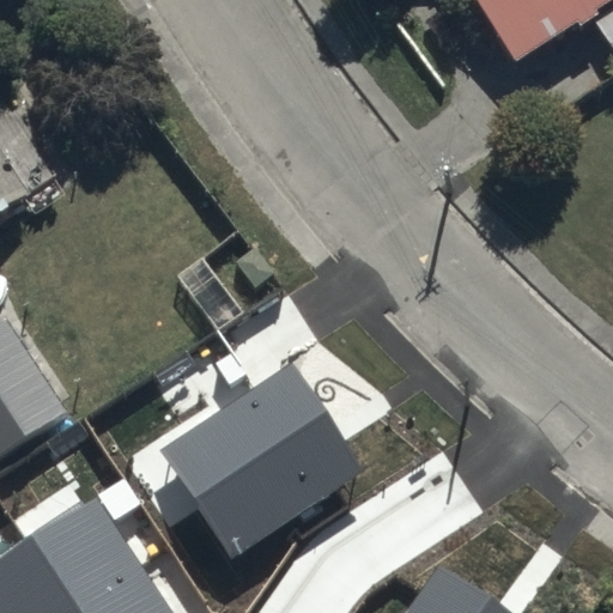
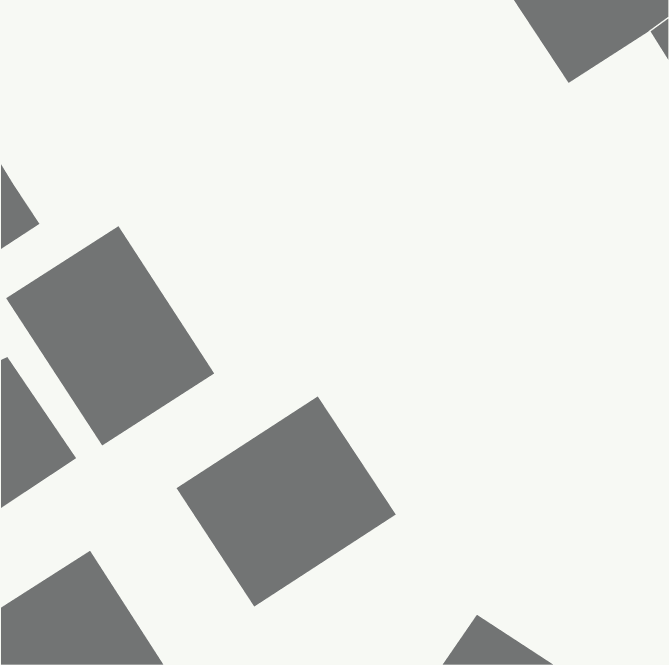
building: none -> [5,225,215,447]

